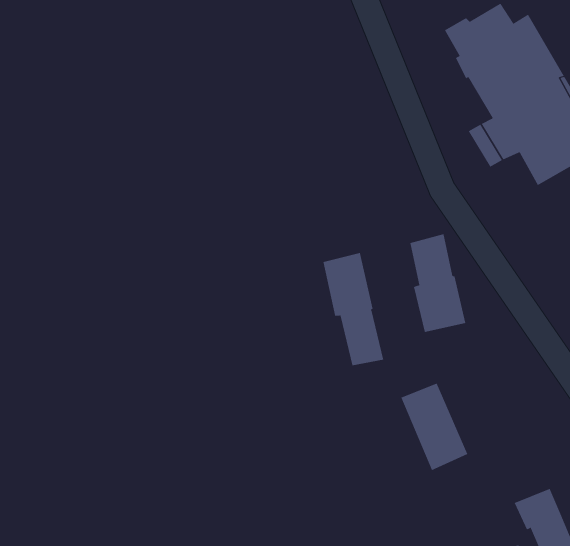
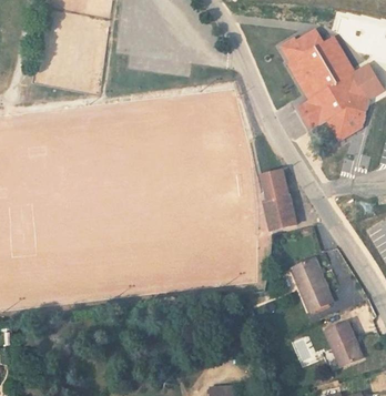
building: [323,252,384,366] -> none
building: [400,383,468,471] -> [290,258,331,312]

